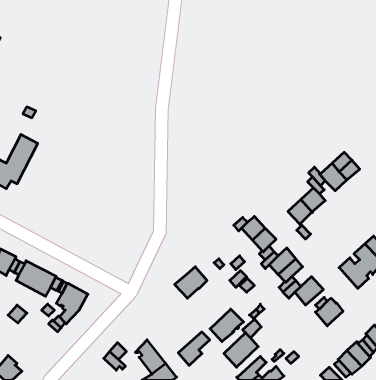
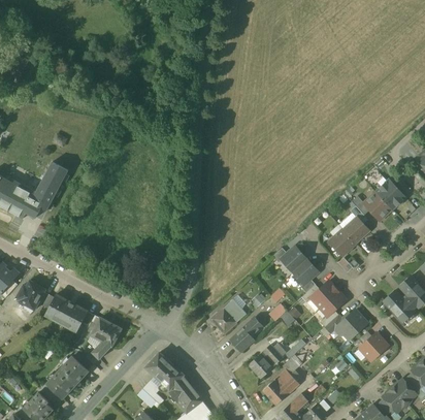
building: none -> [145,353,184,390]
building: none -> [46,356,89,399]
building: [178,332,210,365] -> [230,318,263,353]

